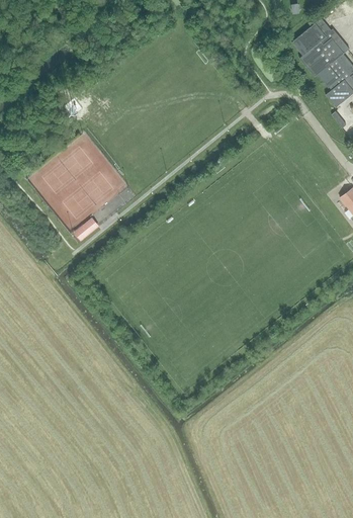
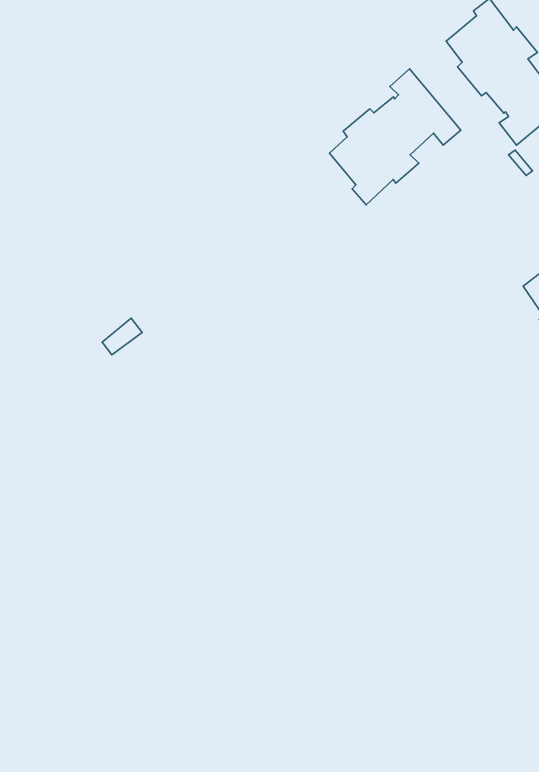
building: none -> [329,69,461,205]

